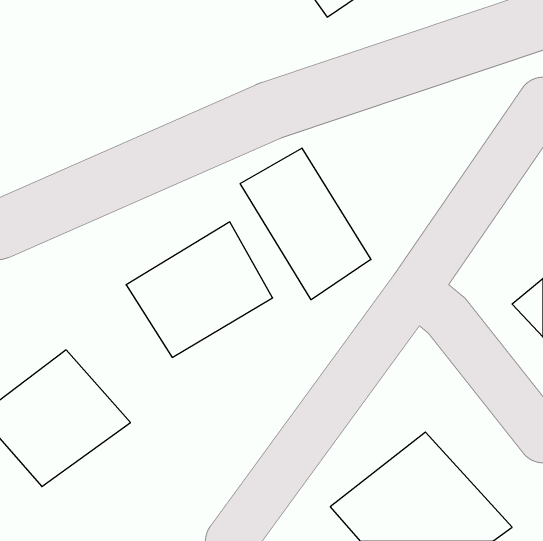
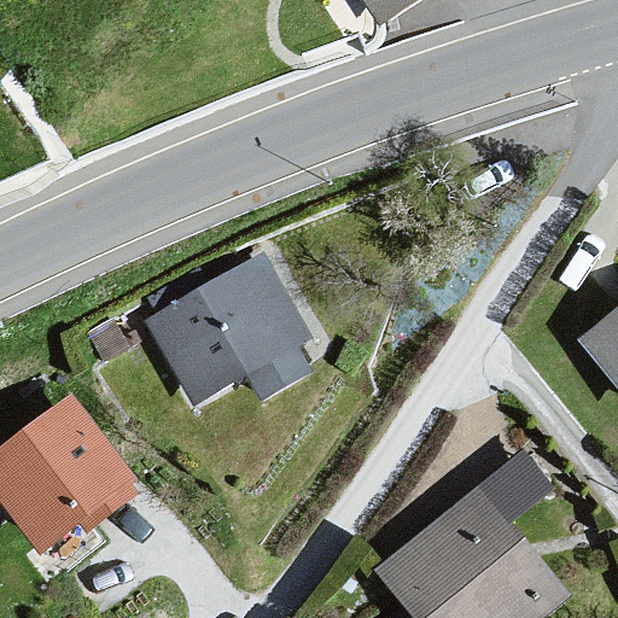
building: [240,148,371,300] -> none

